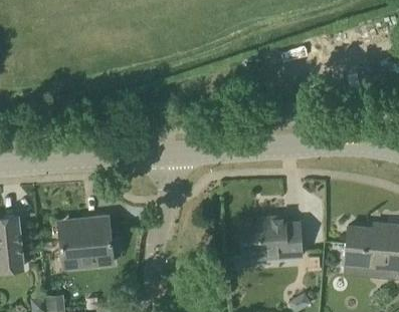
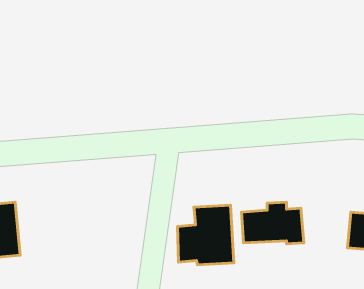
building: [59,217,114,270] -> none
building: none -> [177,205,234,265]

